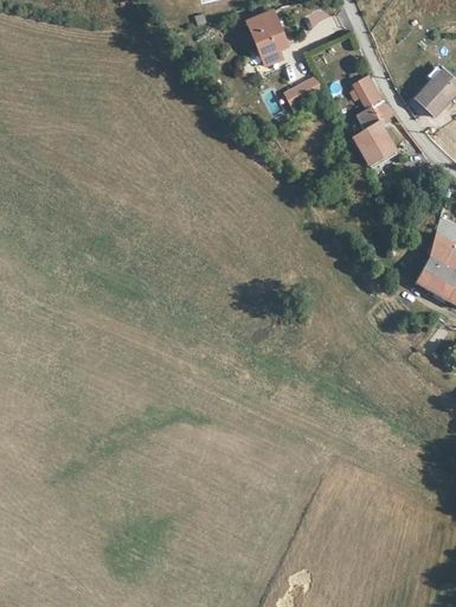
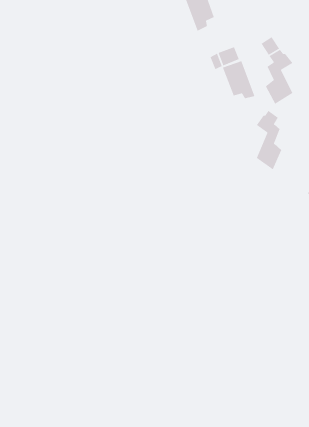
building: none -> [222,60,256,99]
building: none -> [256,110,282,171]

